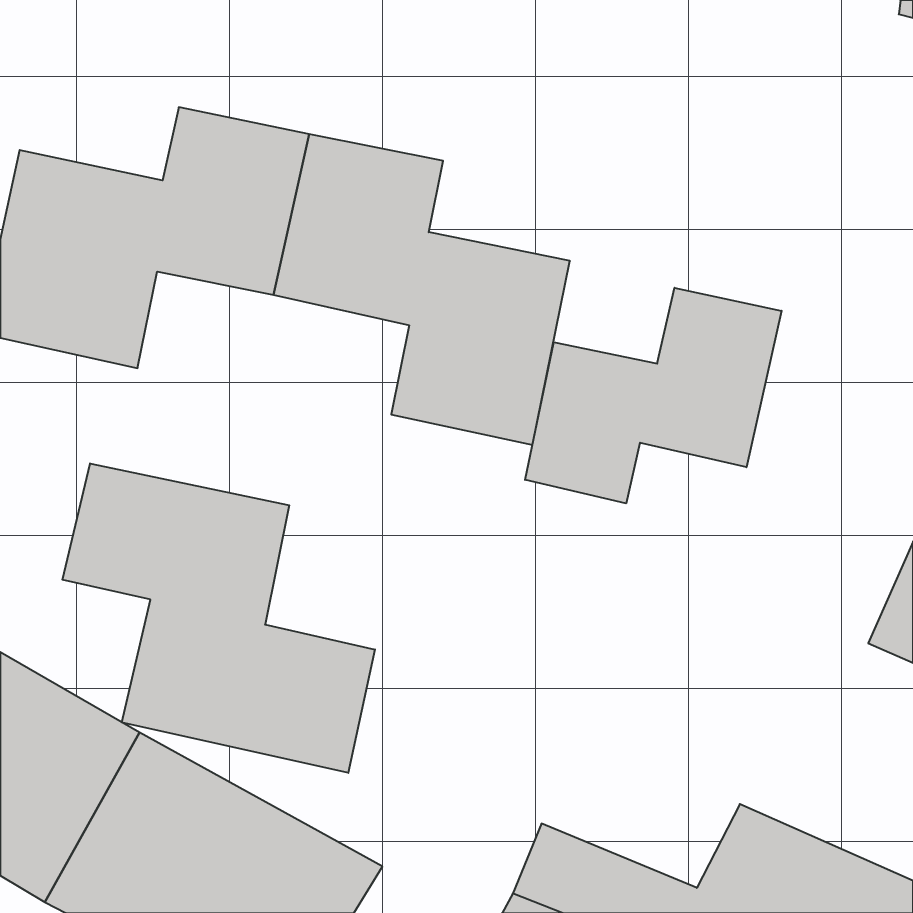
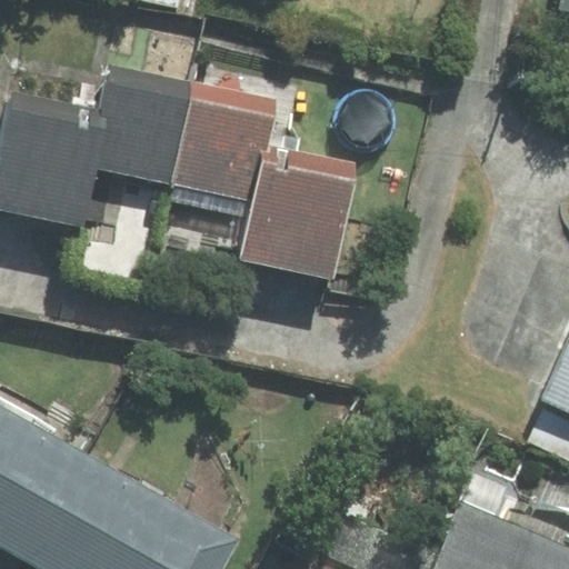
building: [525,288,782,503] -> none
building: [62,463,375,773] -> none

